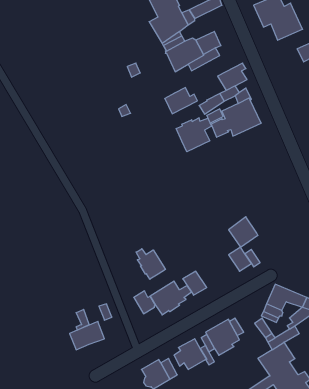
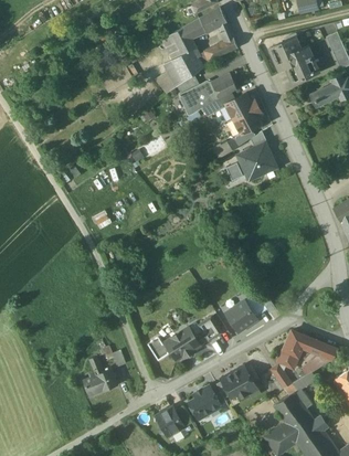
building: [165,88,197,114] -> [224,93,257,119]
building: [176,118,211,152] -> none
building: [229,217,258,247] -> [225,300,255,331]
building: [136,249,165,279] -> none

